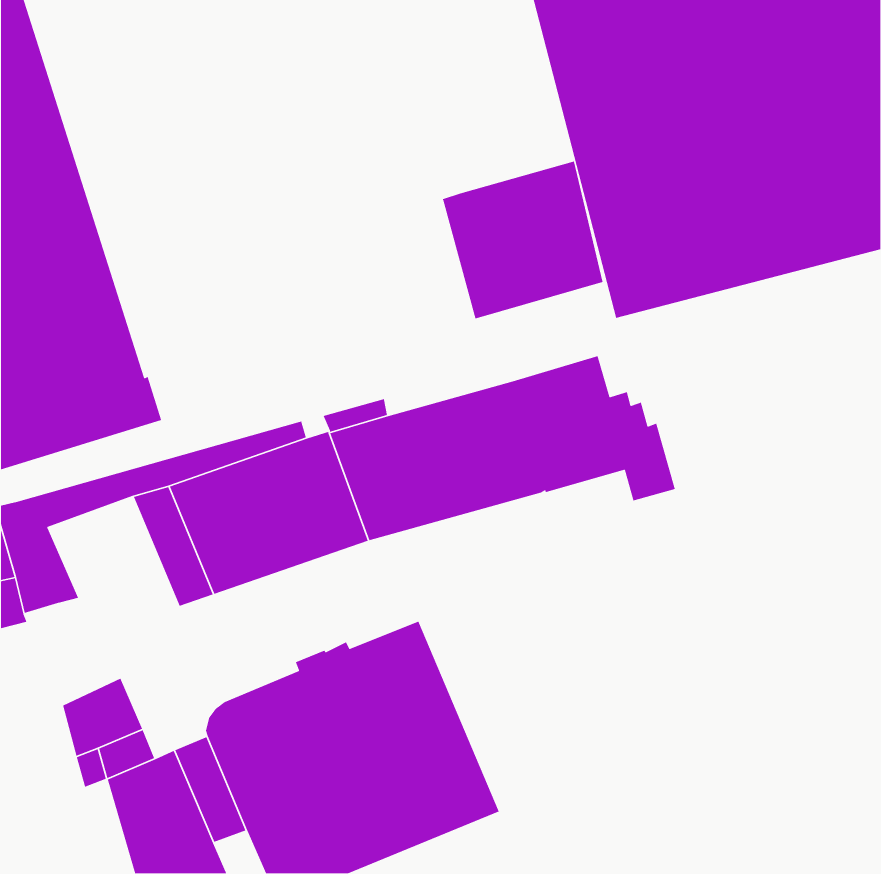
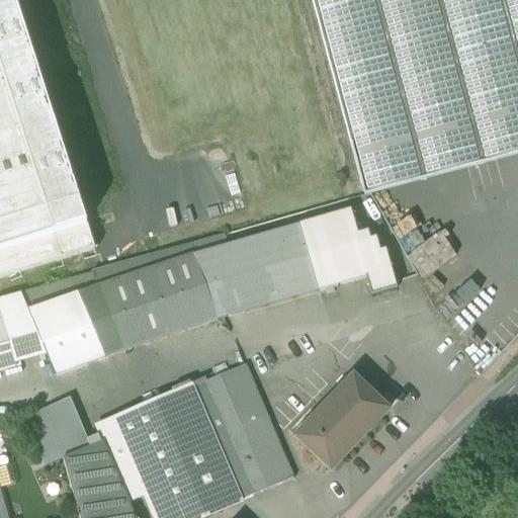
building: [442,161,603,320] -> none
building: none -> [28,291,105,373]
building: none -> [295,375,388,469]

